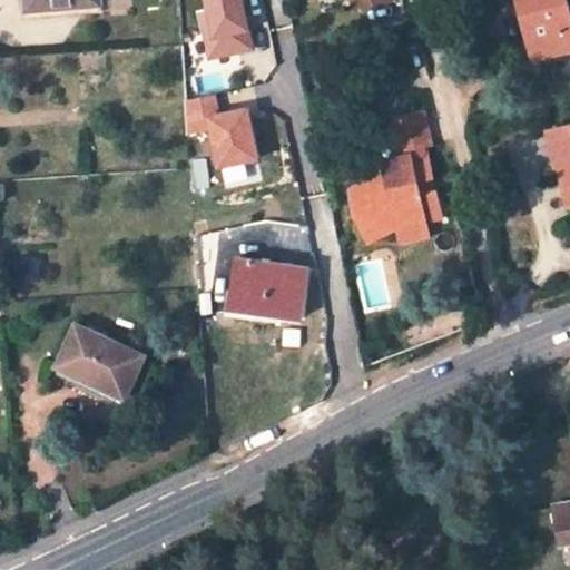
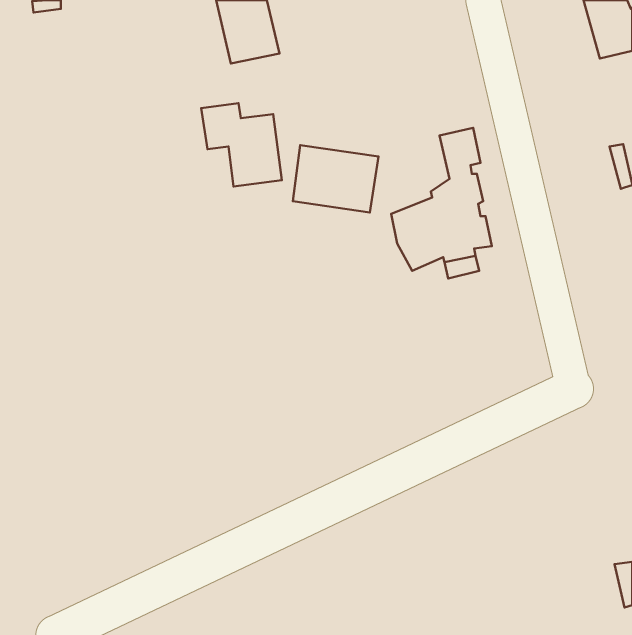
building: [230,259,307,320] -> [293,145,378,212]
building: [56,324,145,400] -> none

